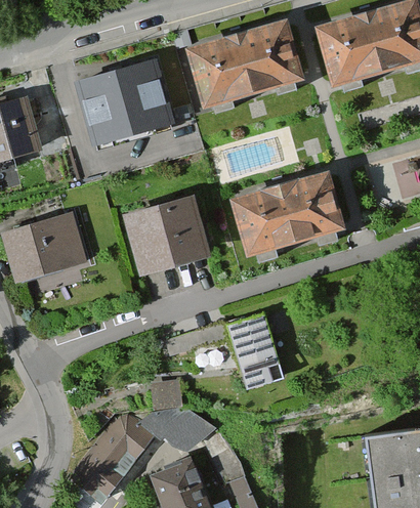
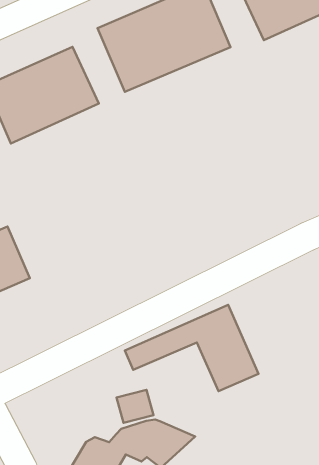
building: [230,168,348,254] -> none
building: [125,199,211,277] -> none

